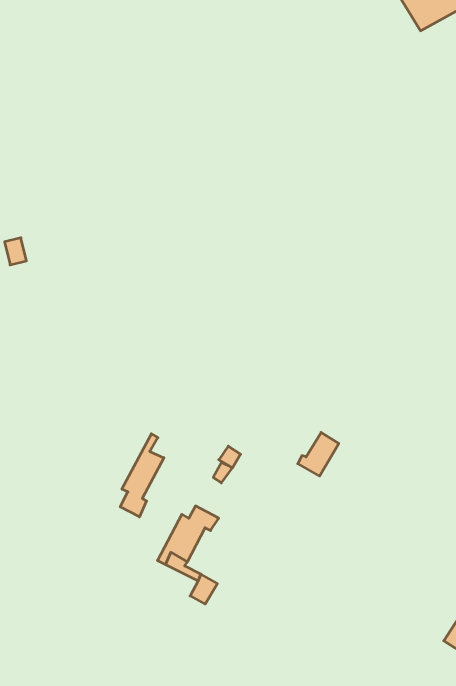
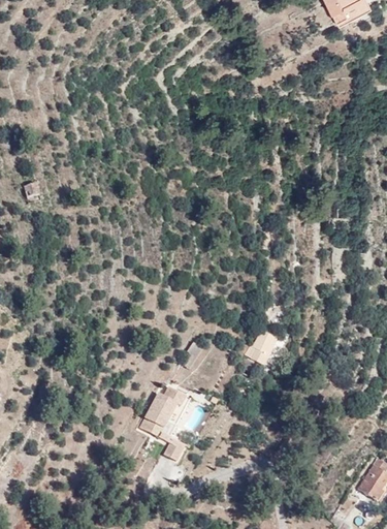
building: [120,434,164,517] -> none

